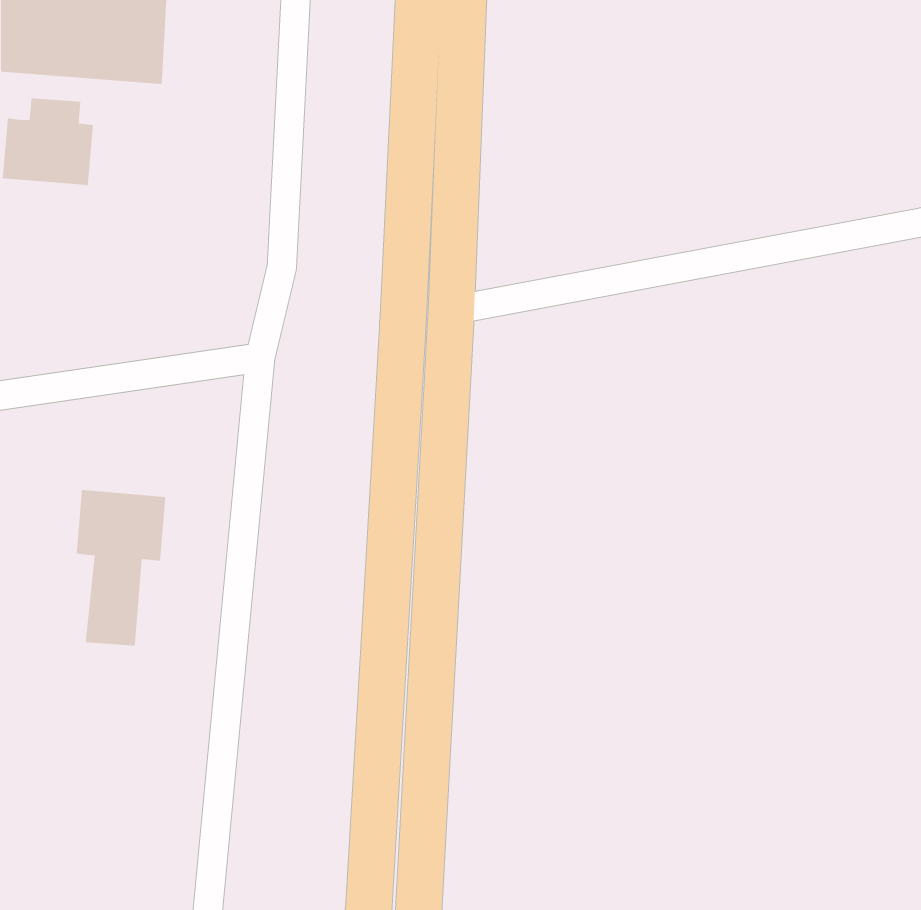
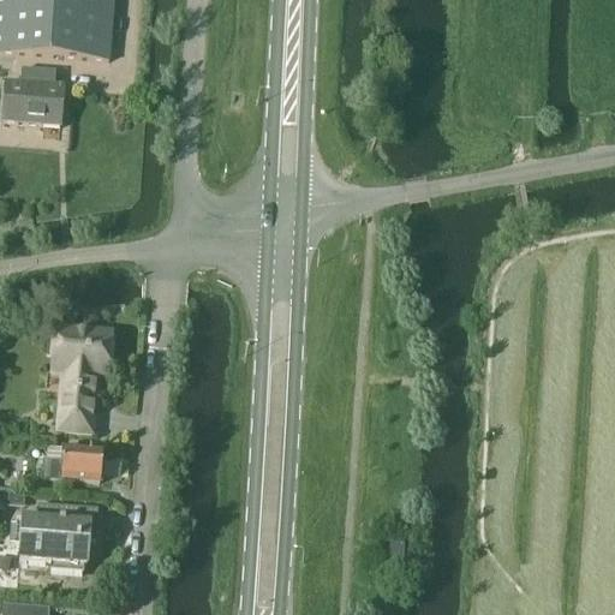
building: none -> [43,446,102,479]
building: none -> [14,501,97,568]

